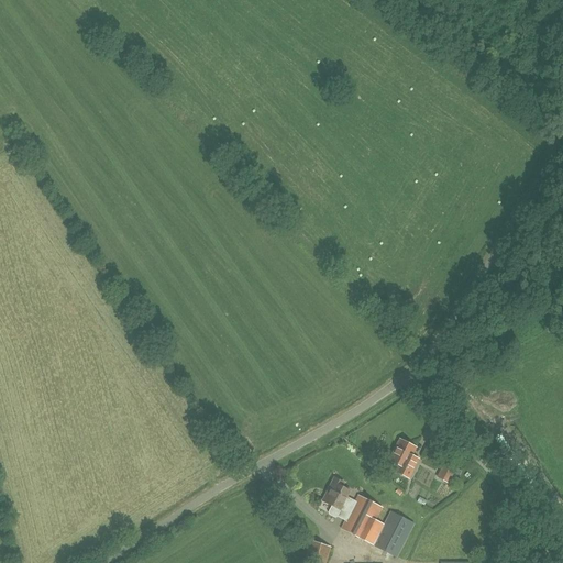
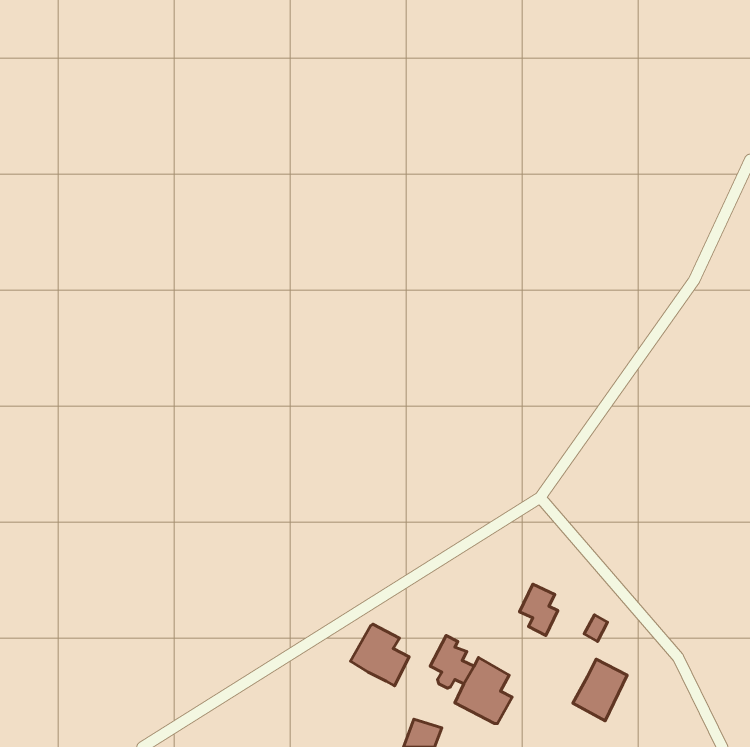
building: none -> [351,624,409,686]
building: [373,509,413,555] -> [573,659,627,721]

